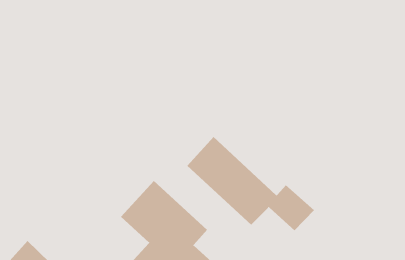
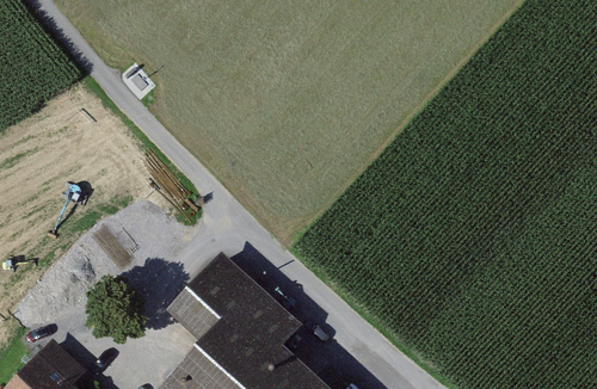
building: [186,136,315,231] -> none

